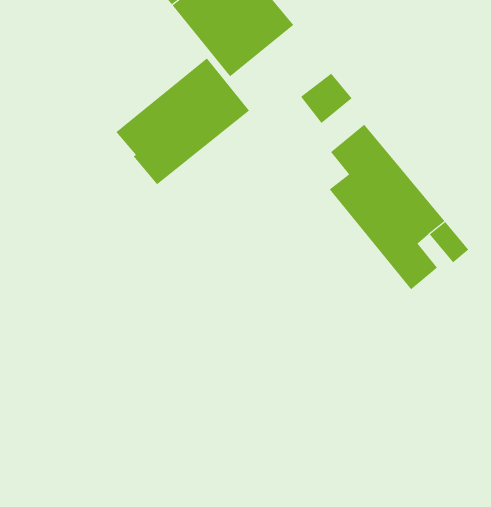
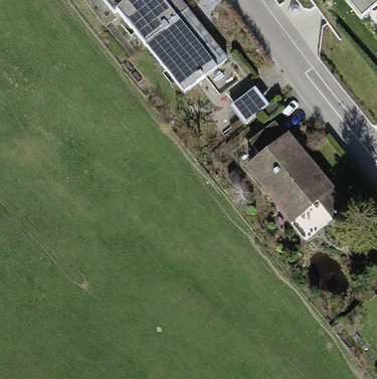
building: [116,58,250,185] -> none

